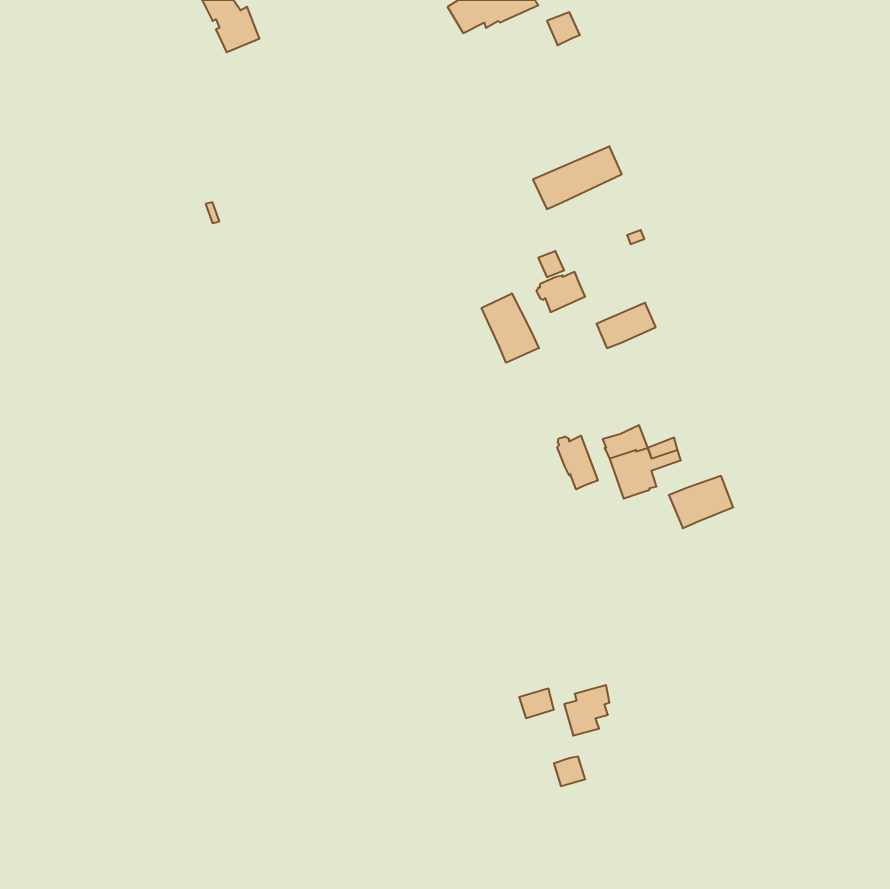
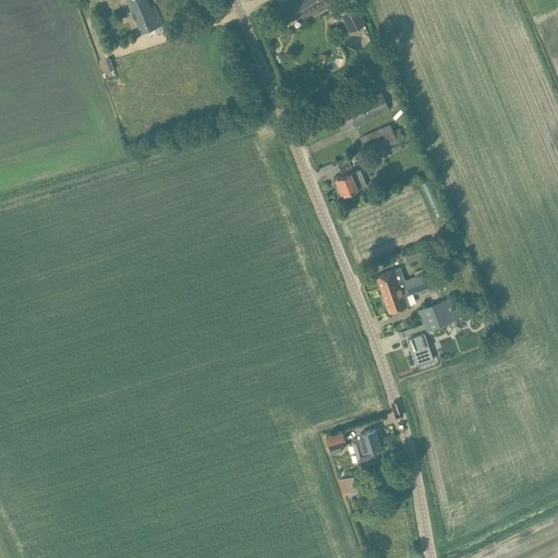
building: [482,293,539,363] -> none
building: [596,303,656,348] -> [361,126,398,155]
building: [557,436,598,489] -> none
building: none -> [409,333,434,364]

